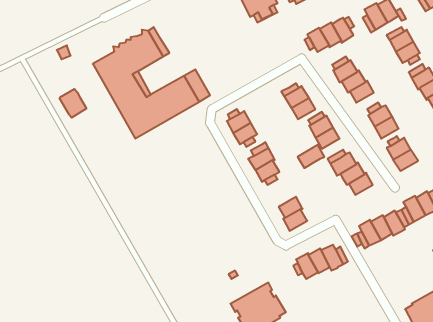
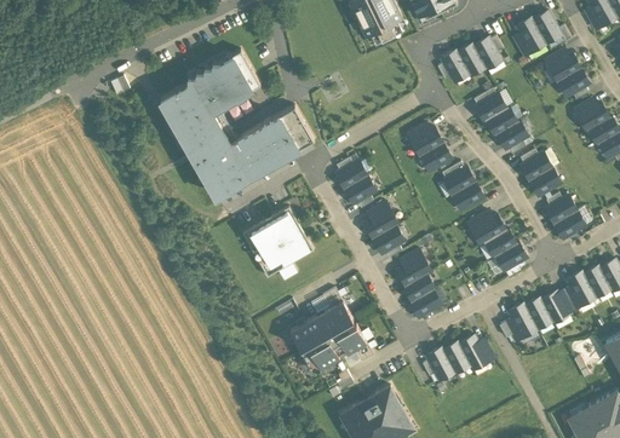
building: [60,89,86,118] -> none
building: [298,145,324,168] -> [396,255,431,286]
building: none -> [242,207,314,278]
building: none -> [291,288,373,371]

